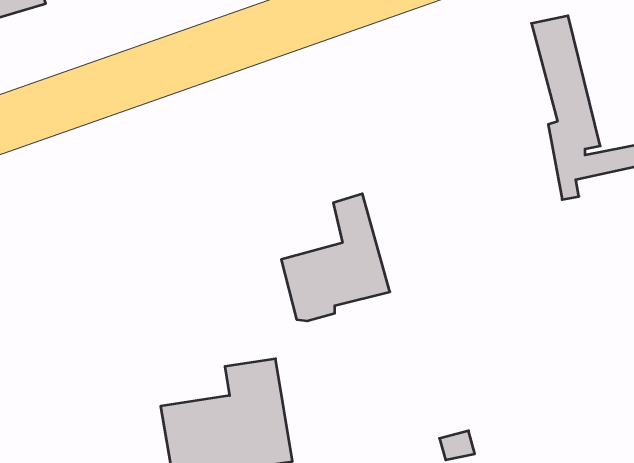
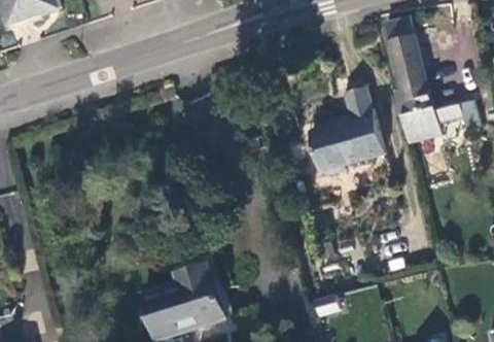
building: [281,194,390,321] -> [310,89,383,174]

